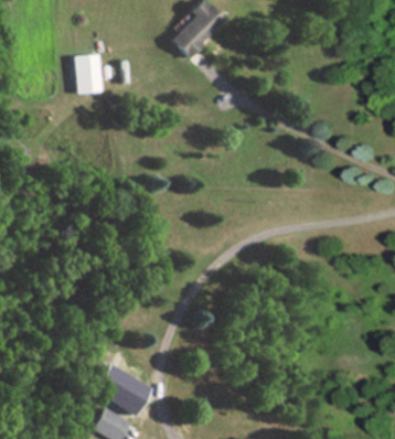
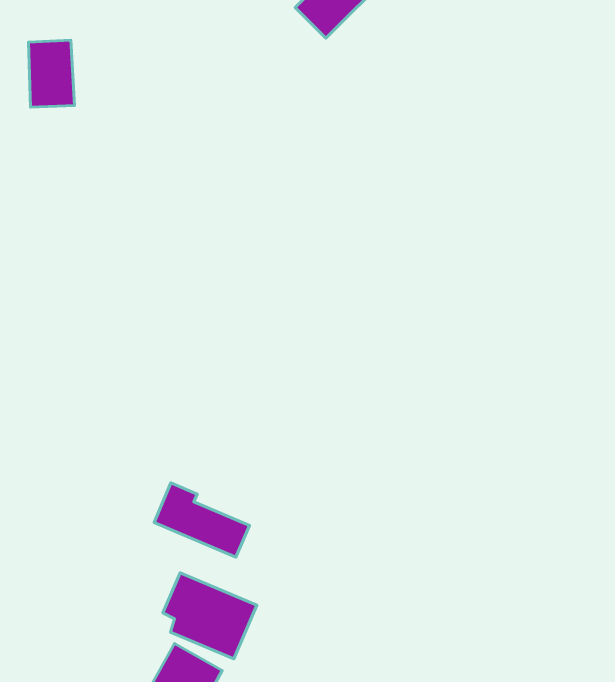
building: [76,54,103,93] -> [29,40,75,107]
building: none -> [154,483,249,557]

